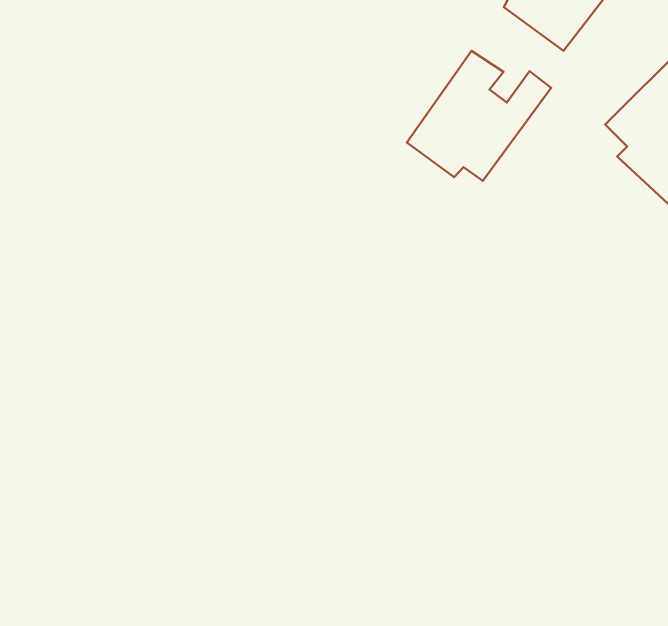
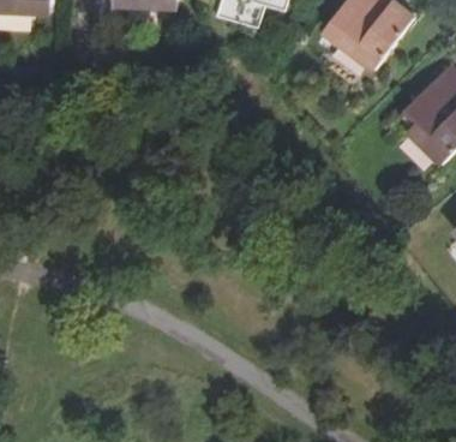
building: [407,51,551,181] -> none

